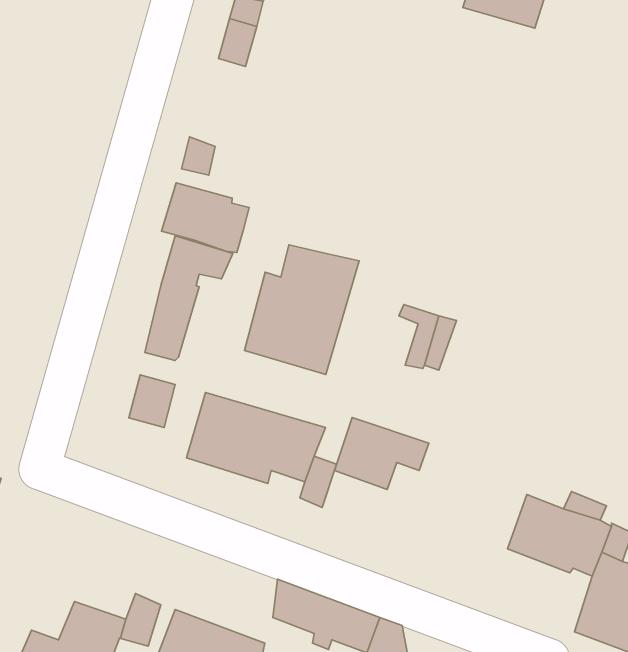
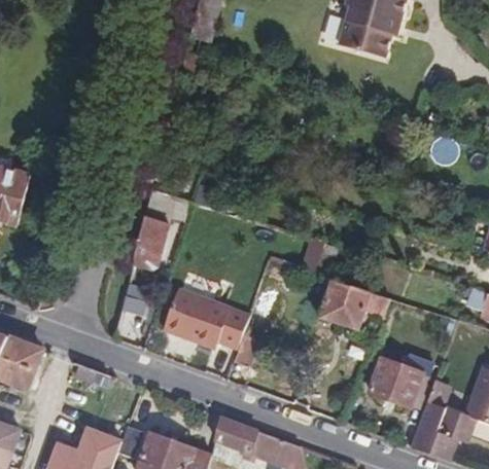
building: [161,183,249,253] -> none
building: [244,245,359,374] -> none
building: [335,418,429,490] -> [325,282,386,328]

